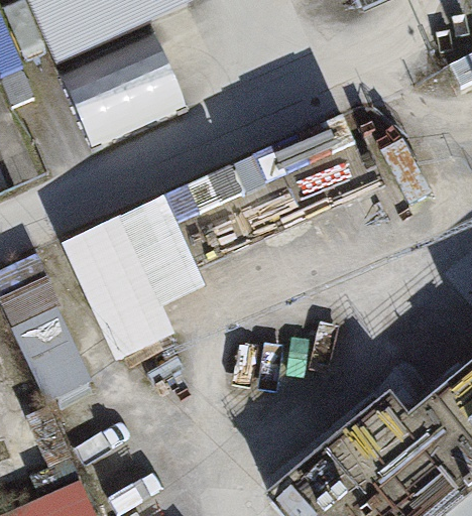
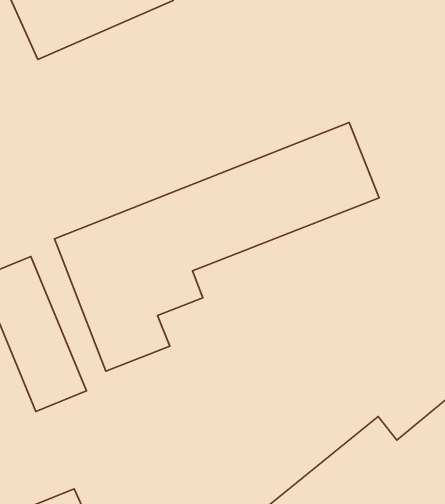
building: [61,33,174,138] -> none

